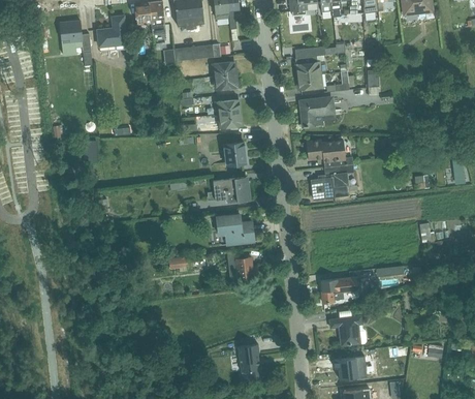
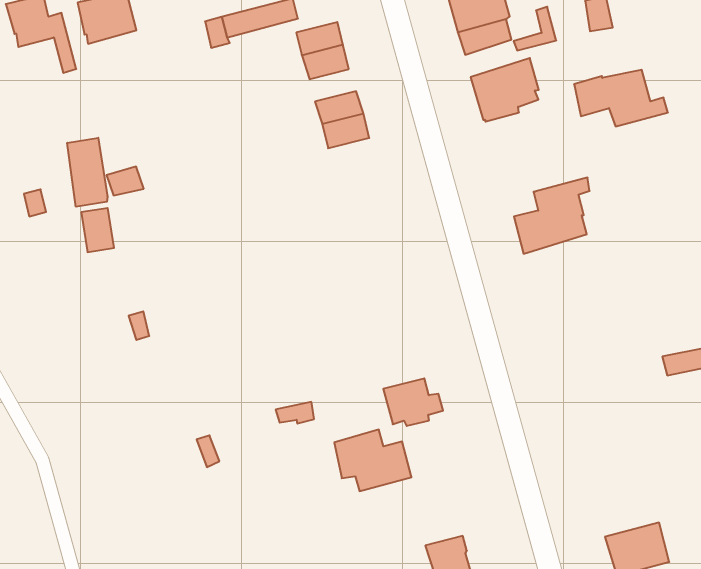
building: none -> [67,138,107,207]
building: [307,140,354,167] -> [574,70,668,126]
building: [223,142,246,165] -> none
building: [208,177,249,202] -> none
building: [216,213,254,244] -> [334,430,412,491]
building: [321,277,357,303] -> none
building: [329,309,367,345] -> none

